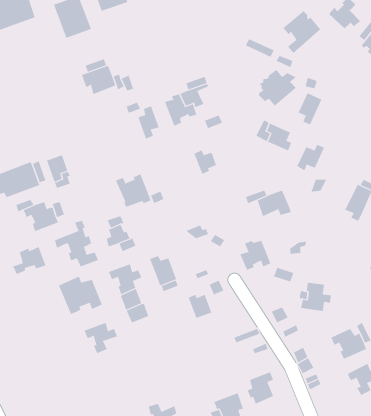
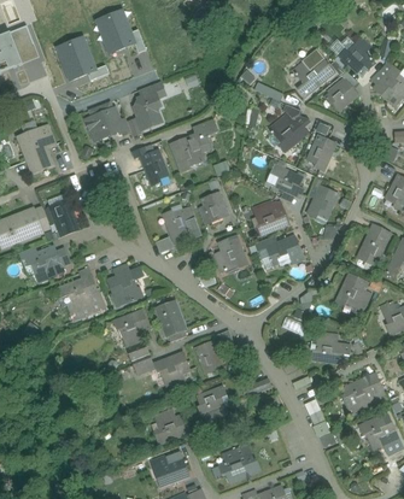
building: none -> [327,71,357,110]
building: none -> [134,81,165,129]
building: none -> [17,124,54,172]
building: none -> [253,201,287,234]
building: [115,174,152,208] -> [163,206,200,241]
building: none -> [336,277,369,309]
building: [240,240,271,271] -> [213,239,246,270]
building: [12,246,46,275] -> none
building: [58,276,103,315] -> none
building: [84,322,118,354] -> [154,354,189,387]
building: none -> [154,409,186,442]
building: [247,372,274,404] -> [198,386,226,419]

